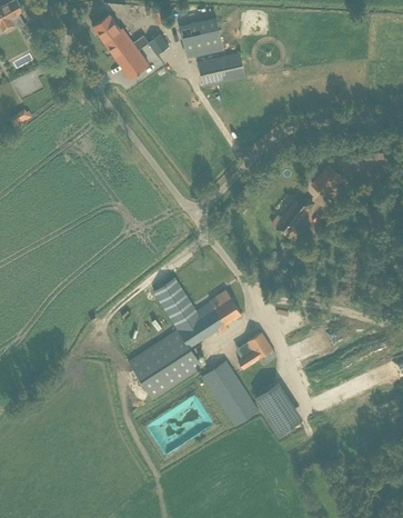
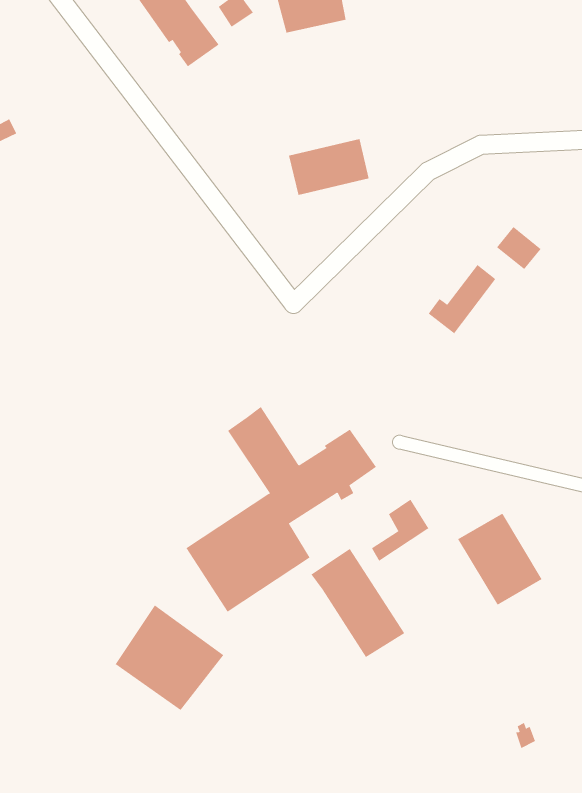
building: [198,53,245,87] -> [288,139,370,195]
building: [255,380,305,435] -> [457,513,542,606]
building: none -> [115,604,224,711]

